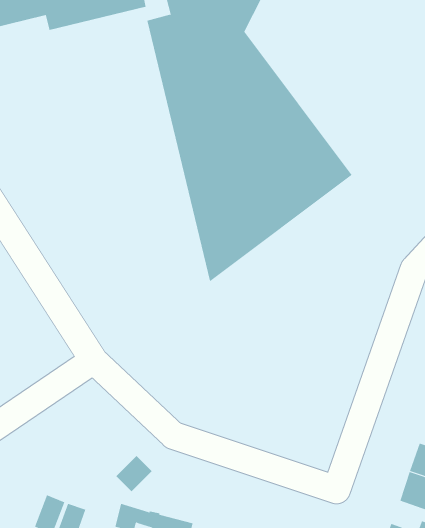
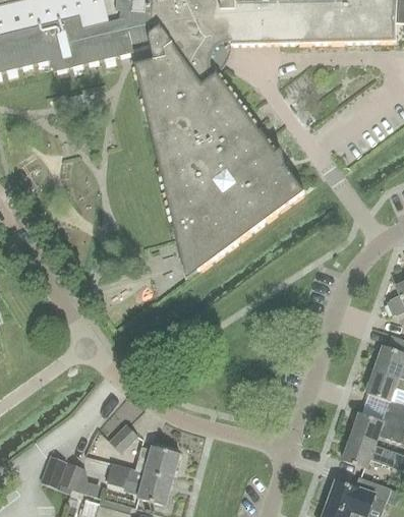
building: none -> [135,444,179,477]

